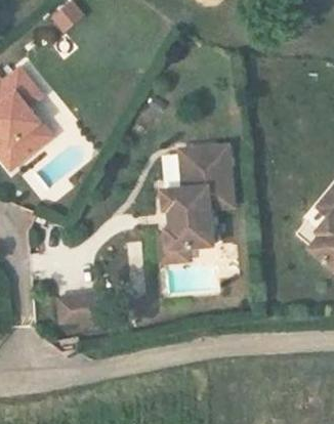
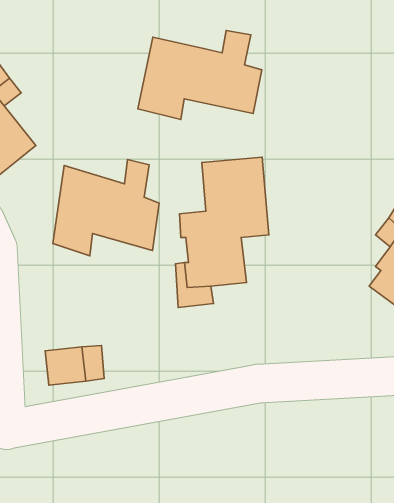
building: none -> [138,30,262,120]
building: none -> [53,160,159,256]

